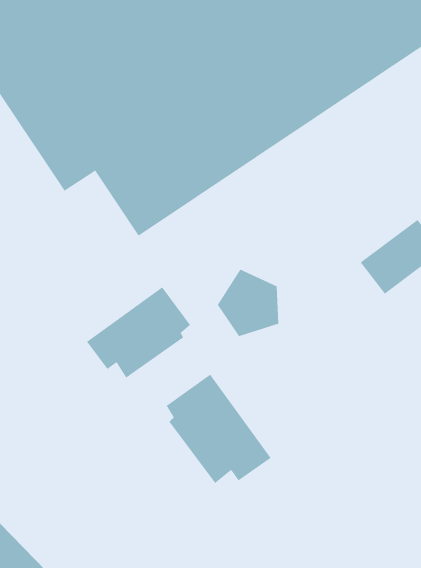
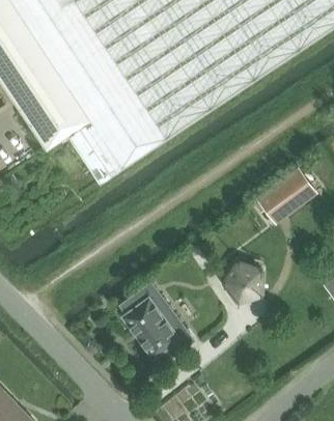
building: [217,269,279,337] -> [220,256,265,305]
building: [86,287,191,378] -> none

